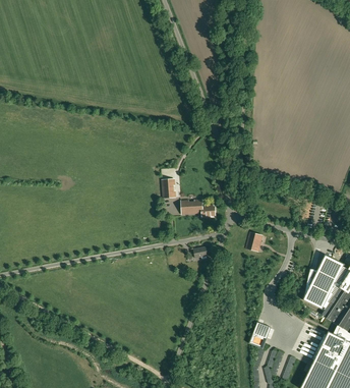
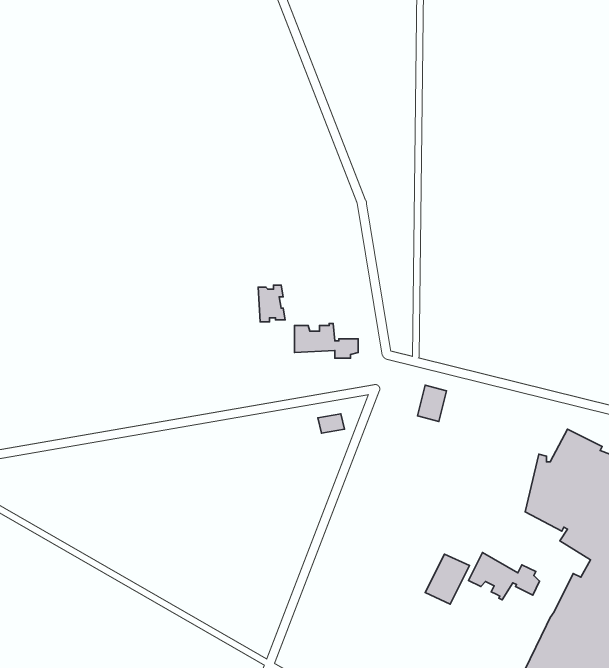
building: none -> [469,553,540,600]

